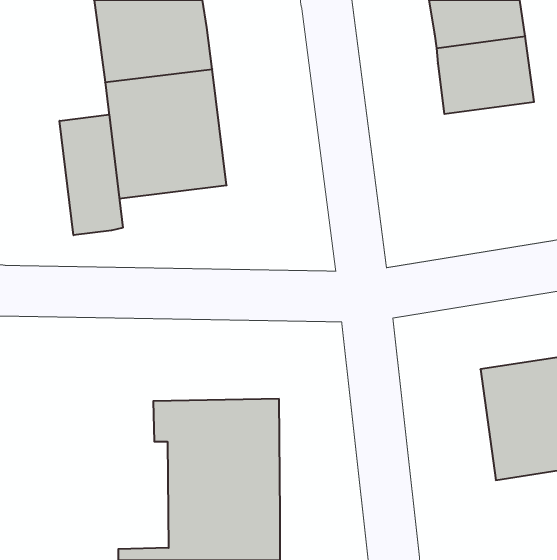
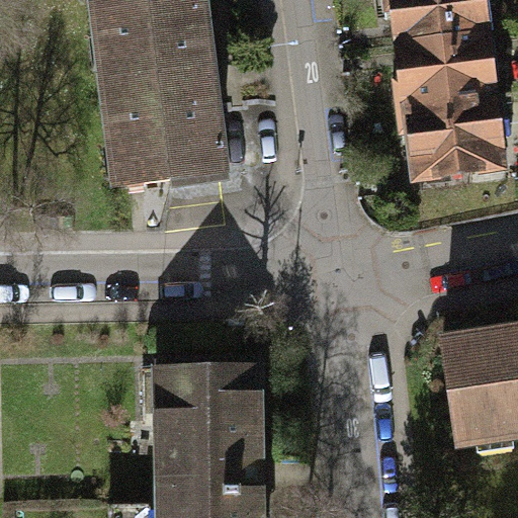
building: none -> [413,94,505,177]
building: [60,115,123,235] -> none

